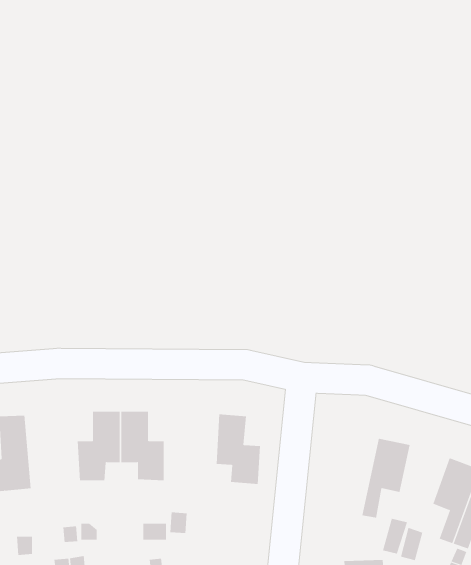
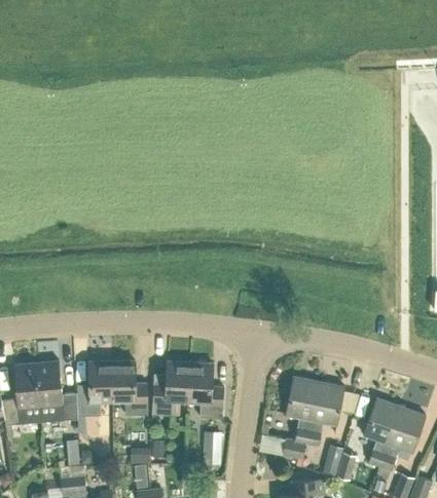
building: none -> [37,361,78,422]
building: none -> [153,361,191,416]
building: none -> [282,377,319,460]
building: none -> [203,431,220,464]

